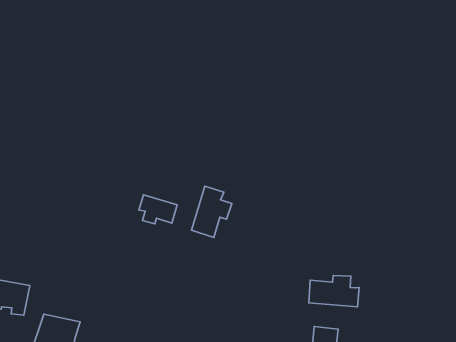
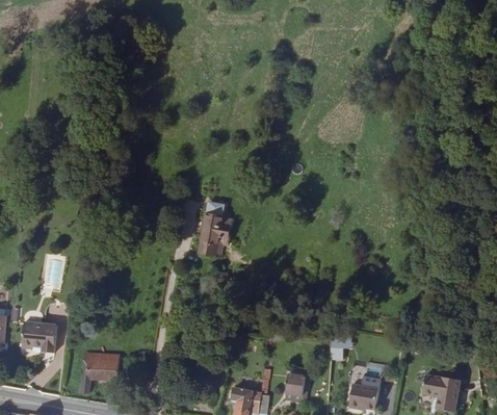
building: [139,195,177,224] -> none
building: [309,275,359,307] -> none

